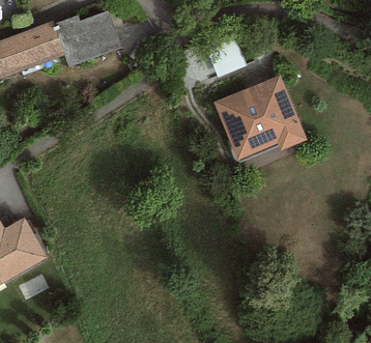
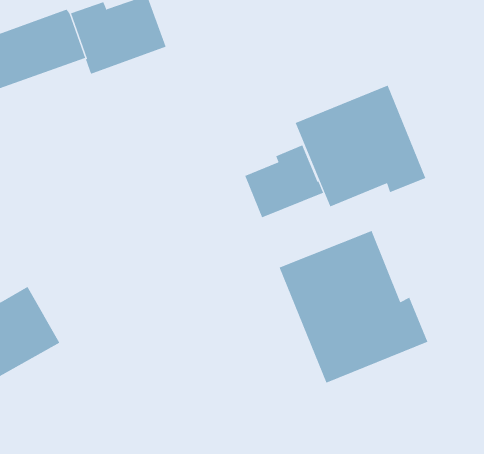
building: none -> [245,144,324,218]
building: none -> [279,230,428,384]

